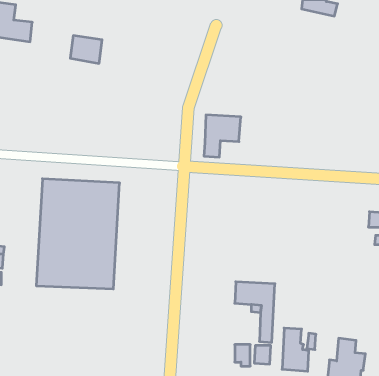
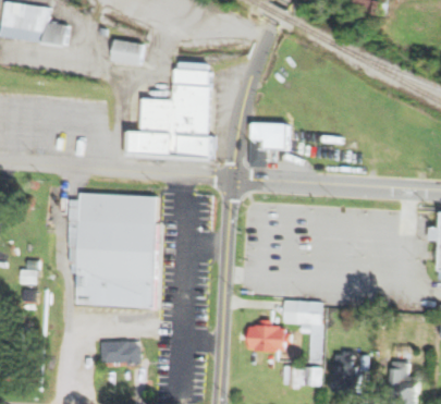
building: none -> [122,62,216,164]
building: none -> [244,320,291,352]
building: none -> [99,341,139,366]

